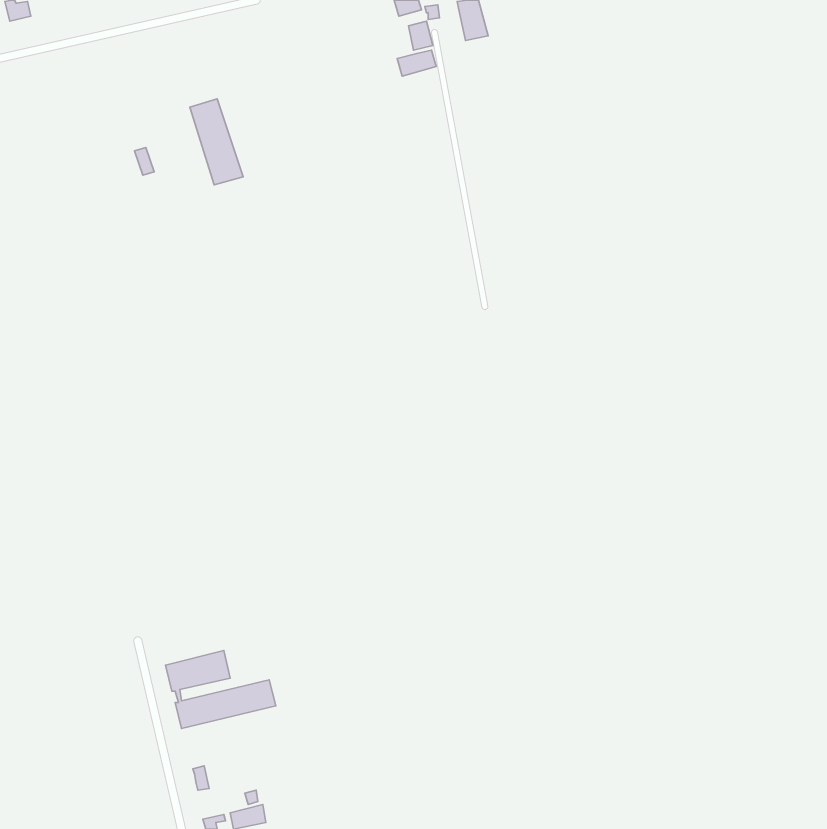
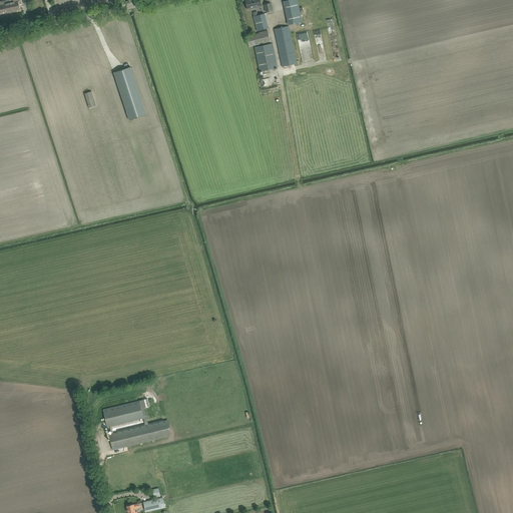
building: none -> [274,26,296,67]
building: none -> [253,43,277,71]

